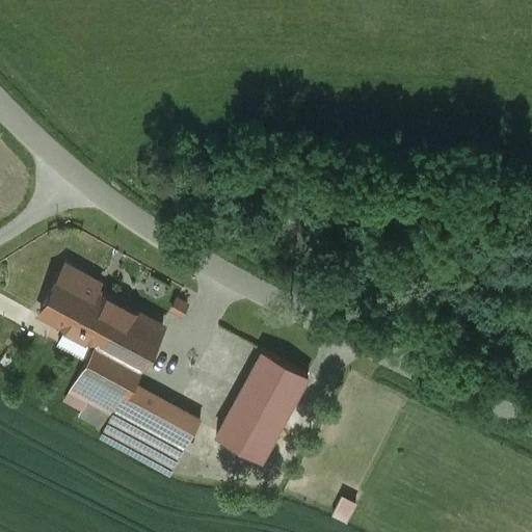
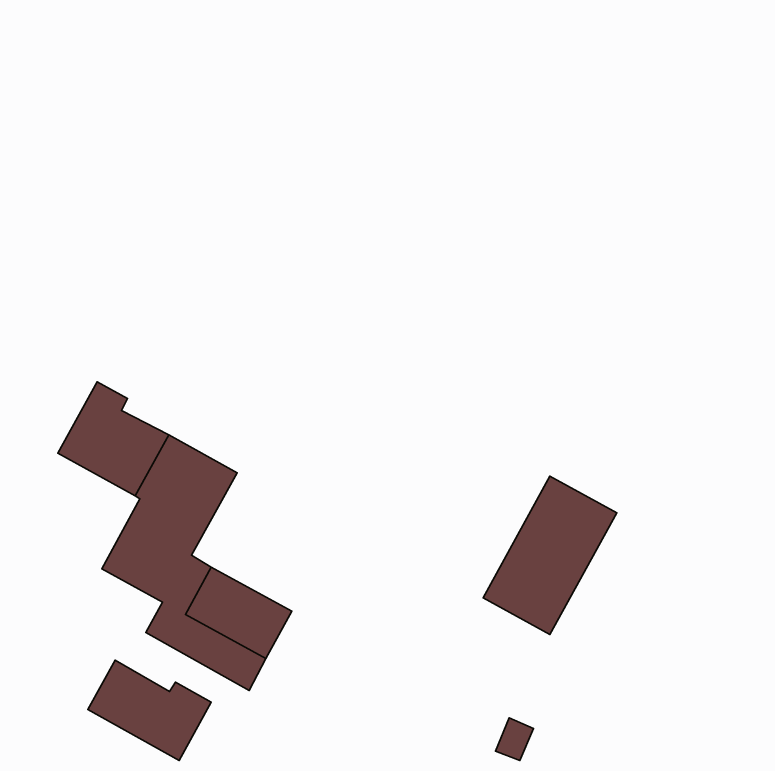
building: [217,352,309,460] -> [483,476,617,634]
building: none -> [88,660,211,760]

